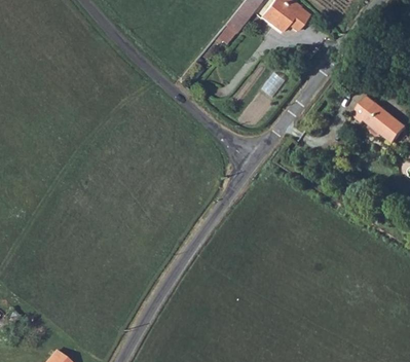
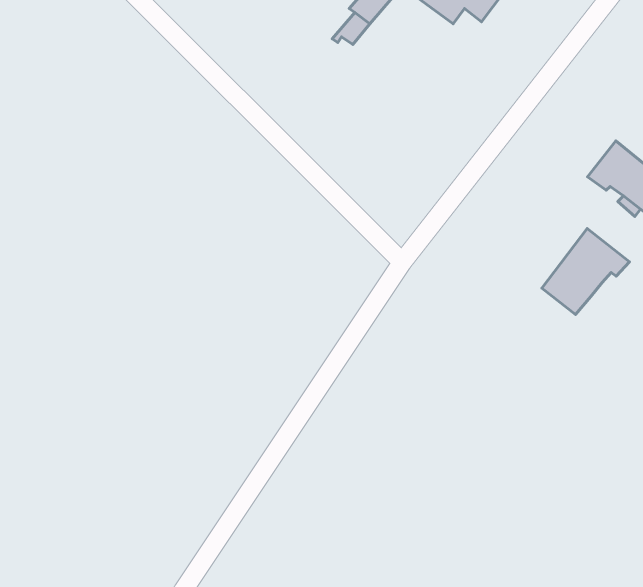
building: none -> [542,229,629,315]

